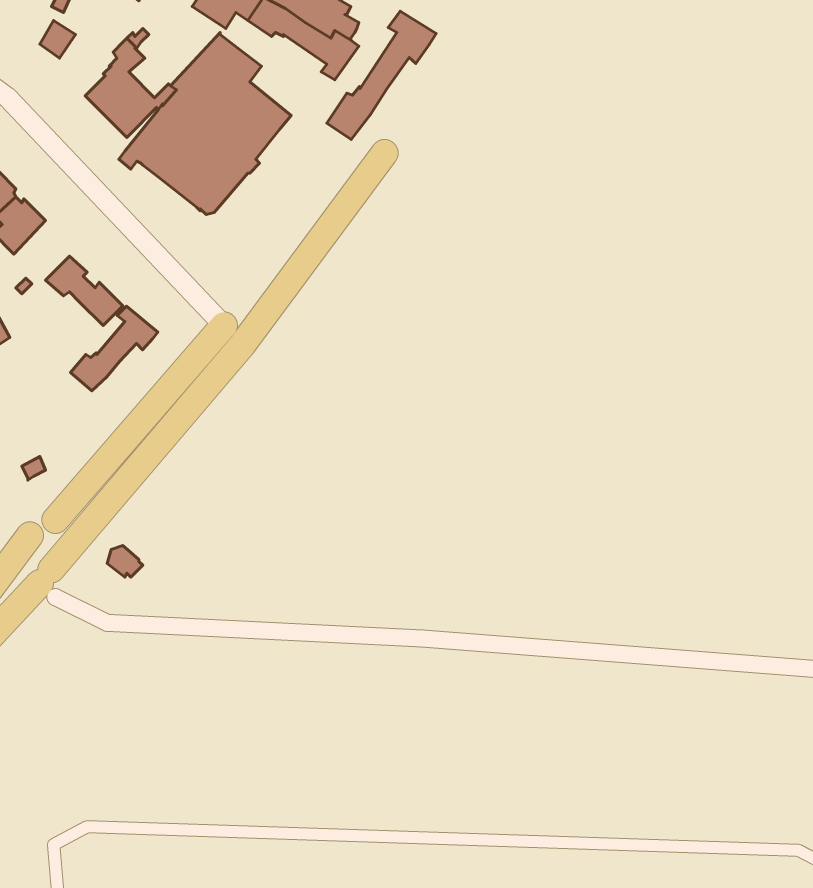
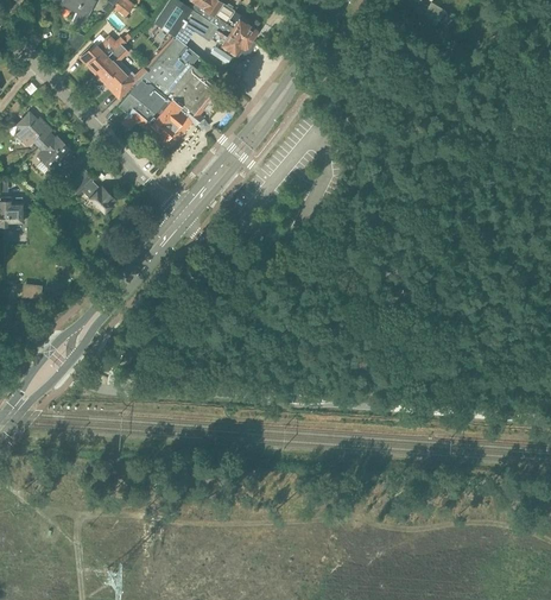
building: [327,11,436,140] -> none
building: none -> [78,34,115,74]
building: [71,306,158,391] -> none

